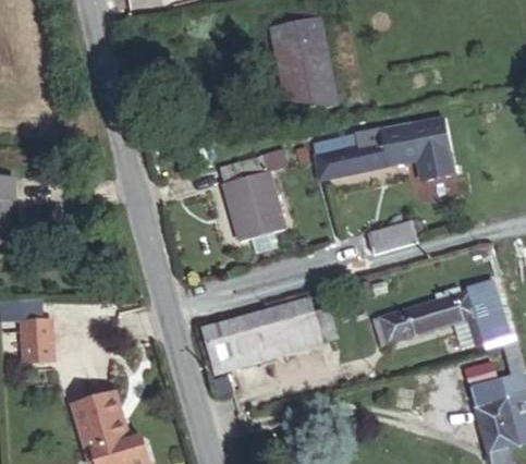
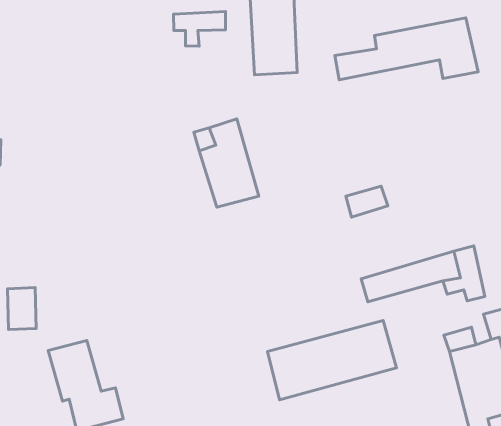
building: none -> [174,12,226,46]
building: [311,114,453,175] -> [335,18,478,80]
building: [199,298,327,377] -> [267,320,396,400]

